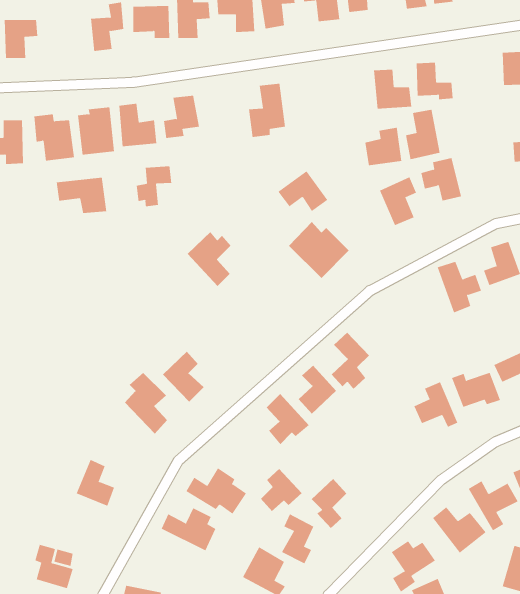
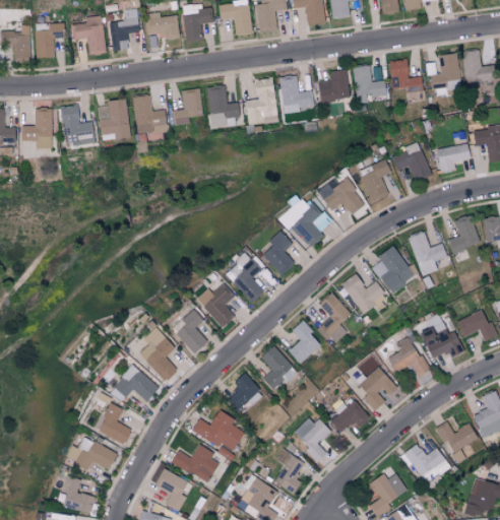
building: none -> [72,15,107,55]
building: none -> [282,75,313,113]
building: none -> [207,86,239,128]
building: [405,109,441,160] -> [432,53,462,96]
building: [364,127,402,166] -> [318,69,351,103]
building: none -> [436,143,471,174]
building: [136,165,172,207] -> none
building: [277,170,328,212] -> [322,179,366,214]
building: [56,177,107,214] -> none
building: [187,231,232,287] -> [226,253,264,301]
building: none -> [263,230,295,274]
building: none -> [373,245,417,294]
building: none -> [341,273,388,315]
building: none -> [203,282,236,327]
building: none -> [111,365,159,401]
building: none -> [359,367,397,409]
building: none -> [329,400,370,432]
building: [260,468,303,512] -> [228,373,264,410]
building: none -> [65,437,117,469]
building: none -> [154,468,188,510]

